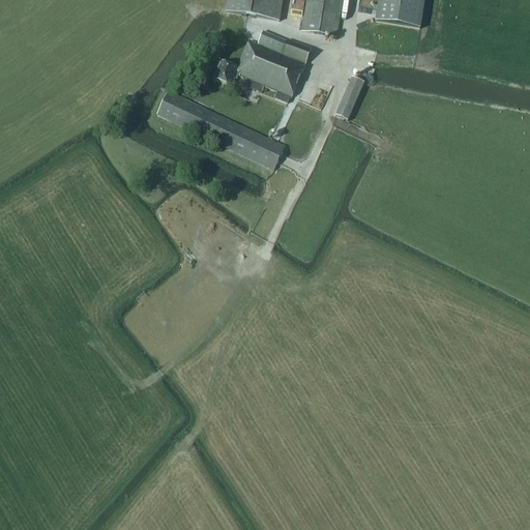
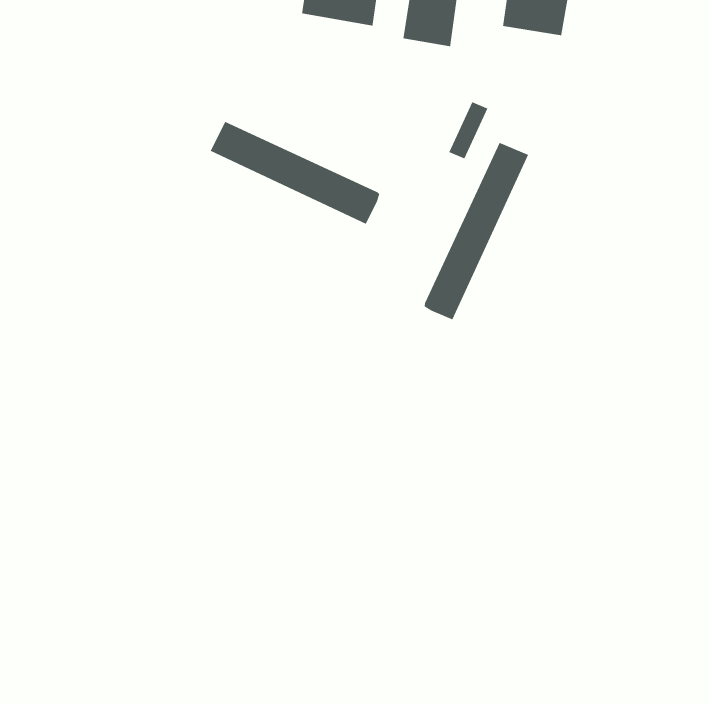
building: [213,37,312,96] -> none
building: none -> [424,142,529,321]

